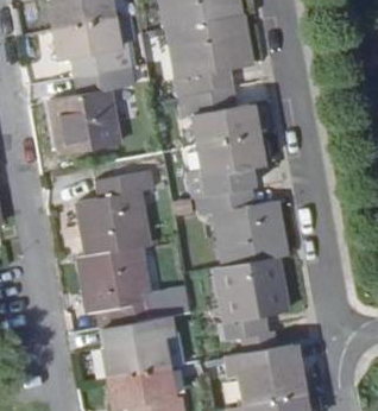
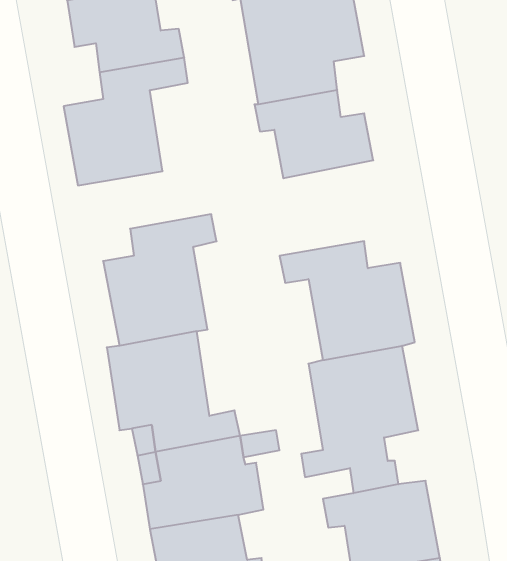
building: [194,134,263,197] -> none

